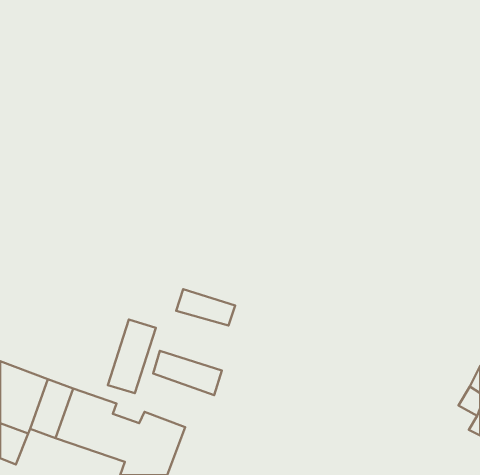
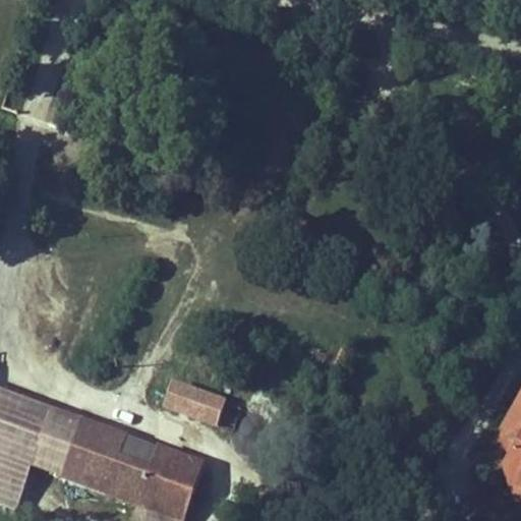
building: [176,289,235,325] -> none
building: [108,320,156,393] -> none

